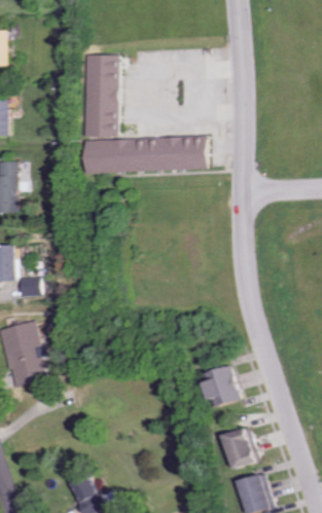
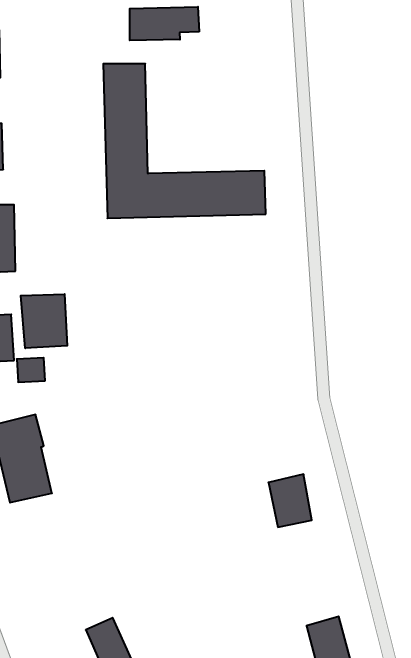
building: none -> [130,7,199,40]
building: none -> [21,294,67,348]
building: [226,429,257,468] -> none

